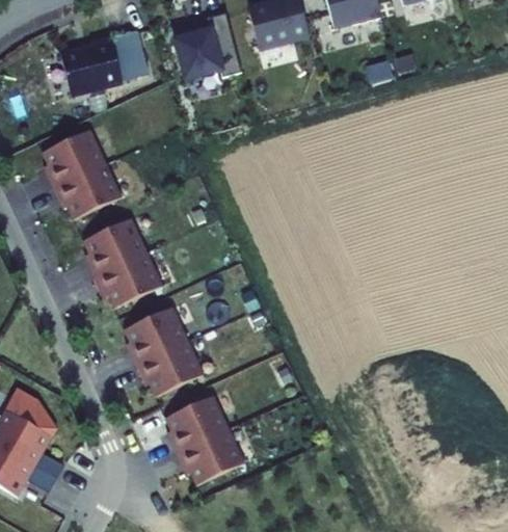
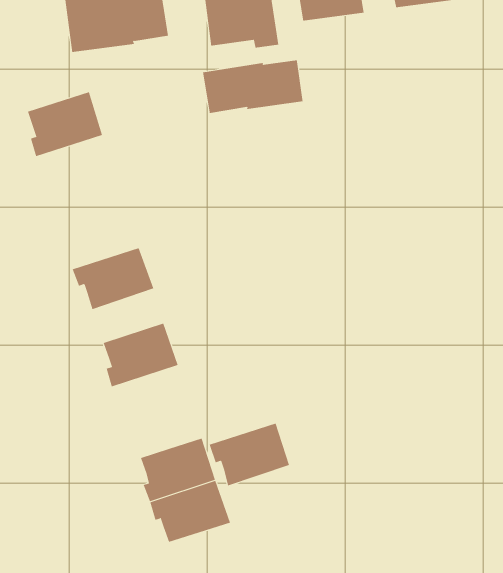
building: none -> [203,60,303,114]
building: [52,161,121,217] -> none
building: [82,215,146,274] -> none
building: [138,342,207,399] -> [209,423,290,486]

